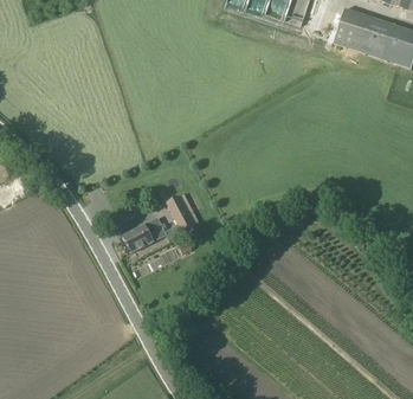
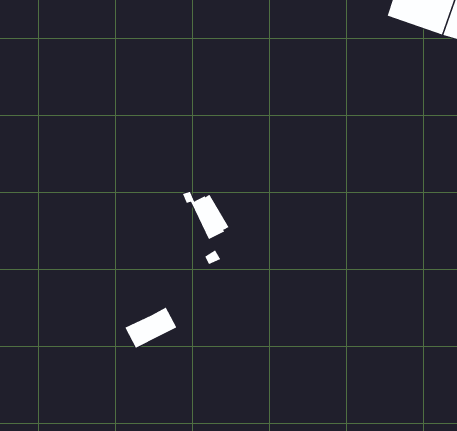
building: [122,217,167,252] -> [124,307,177,348]

